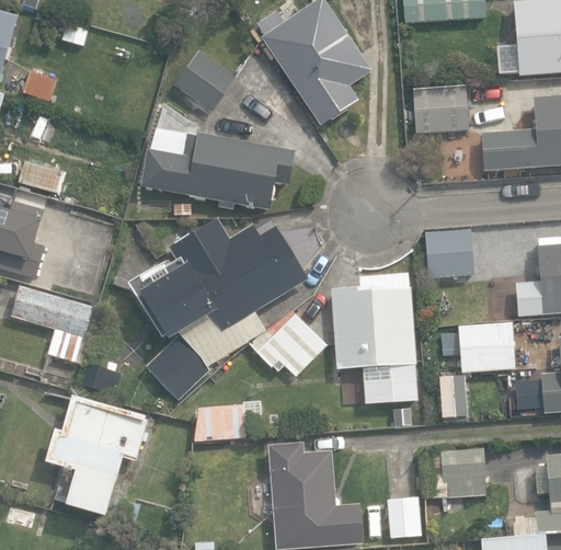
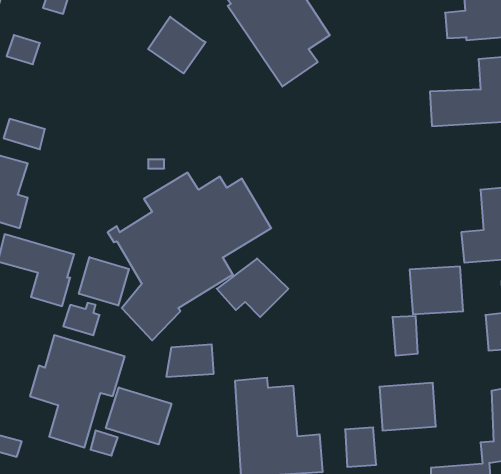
building: [414,83,468,133] -> none
building: [141,133,296,210] -> none
building: [426,230,474,278] -> none
building: [331,274,417,403] -> none
building: none -> [79,257,129,306]
building: none -> [106,387,171,444]

